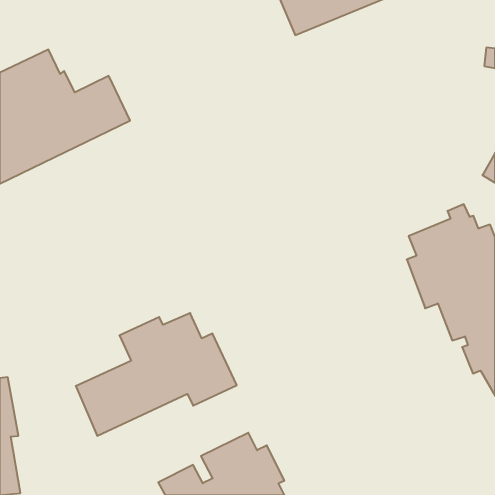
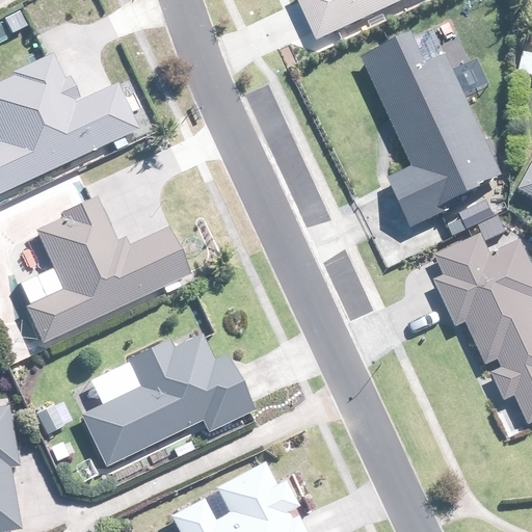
building: none -> [362,23,508,229]
building: none -> [27,196,187,341]

